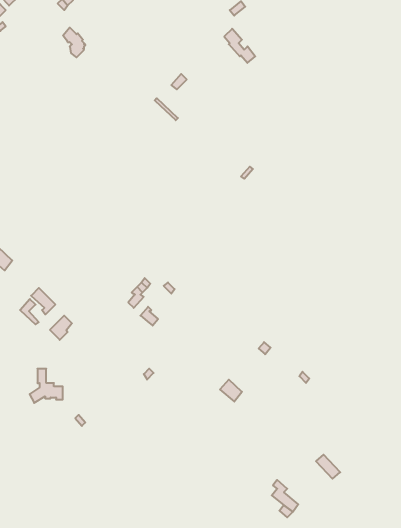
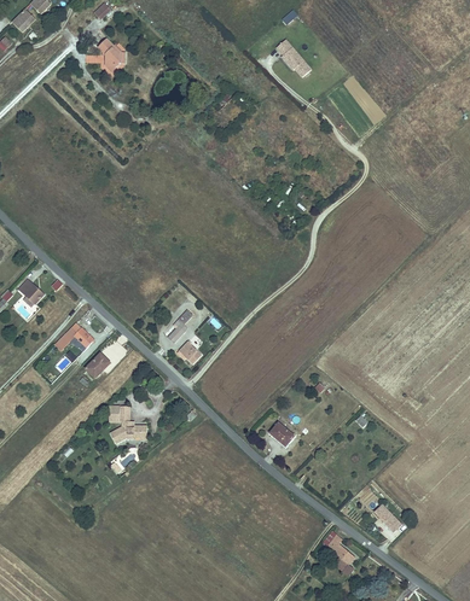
building: [30,369,63,403] -> [111,405,147,443]

